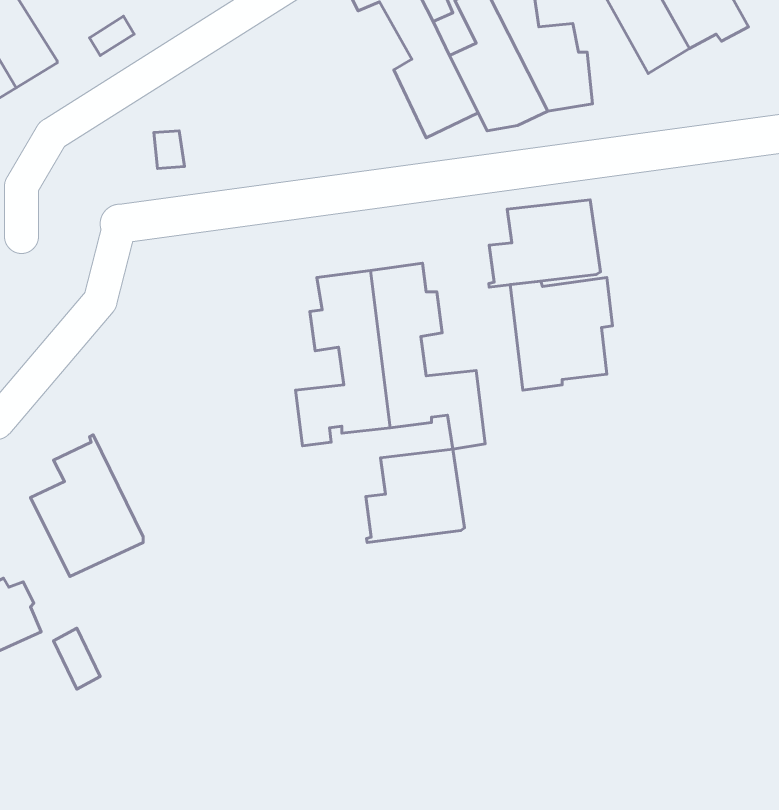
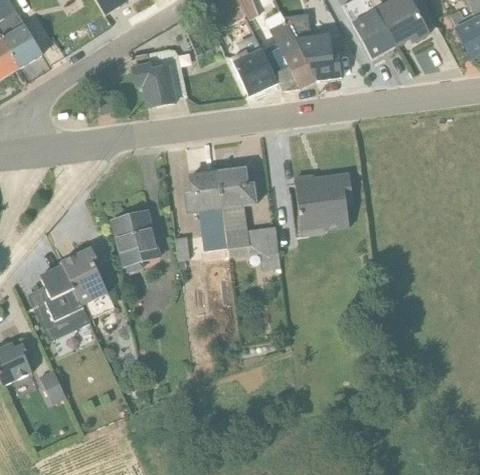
building: none -> [130,48,186,107]
building: [489,200,600,287] -> none
building: none -> [112,210,159,272]
building: none -> [62,247,115,318]
building: [366,449,464,542] -> none

